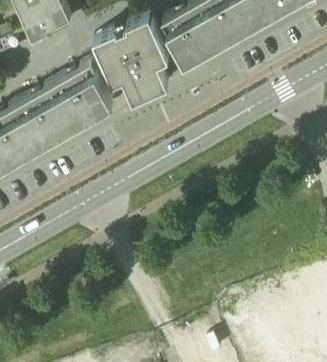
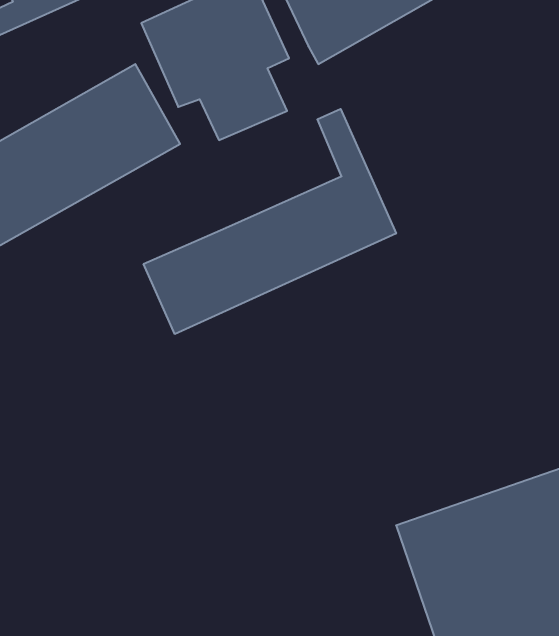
building: none -> [144,109,396,334]

